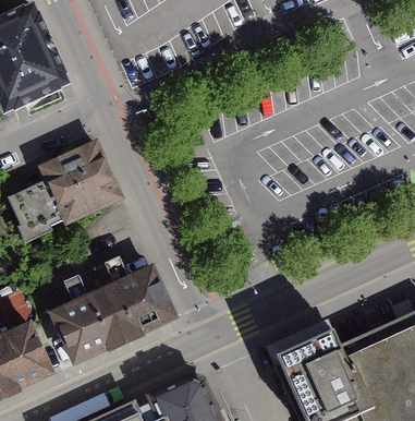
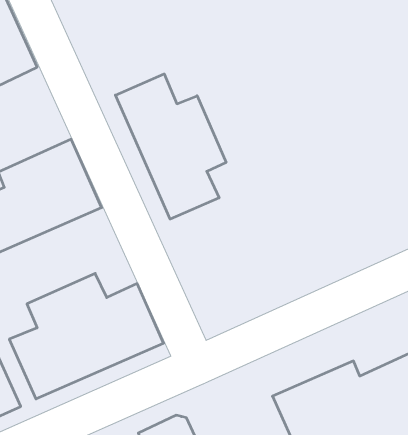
building: none -> [115,74,226,219]

